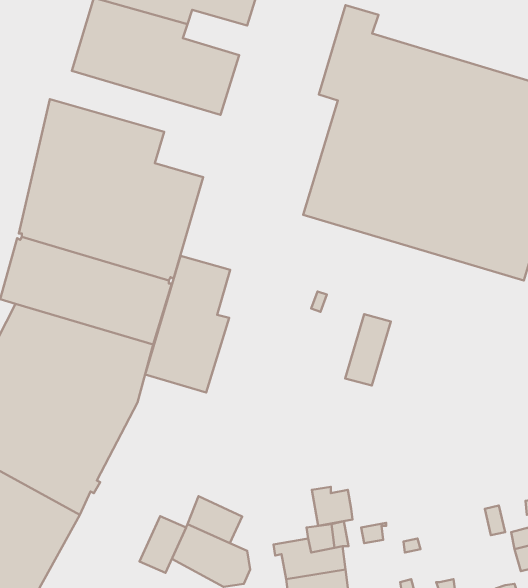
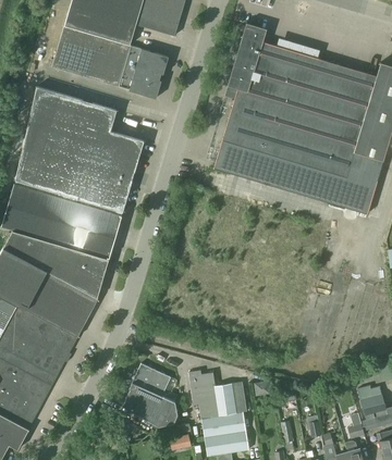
building: [145,256,230,392] -> none
building: [345,314,391,386] -> none
building: [312,487,353,526] -> [188,370,217,397]
building: [140,516,186,573] -> none

